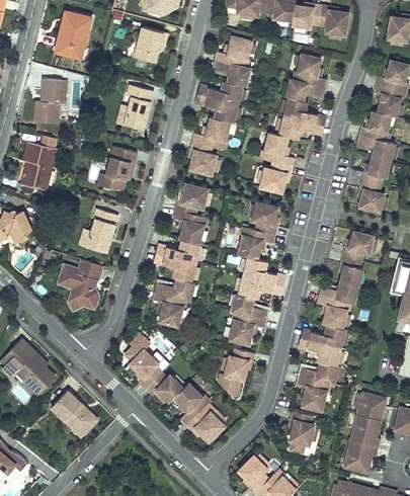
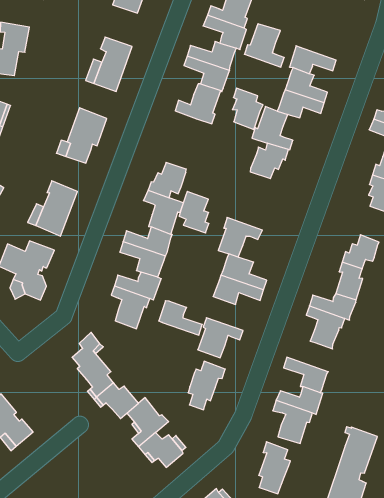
building: [293,54,326,88] -> [244,24,284,67]
building: [191,142,217,175] -> [232,88,263,130]
building: [251,201,276,235] -> [179,191,209,233]
building: [231,294,267,320] -> [159,301,202,335]
building: [304,325,344,348] -> none

